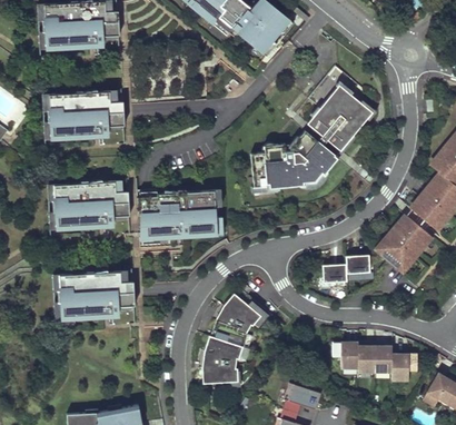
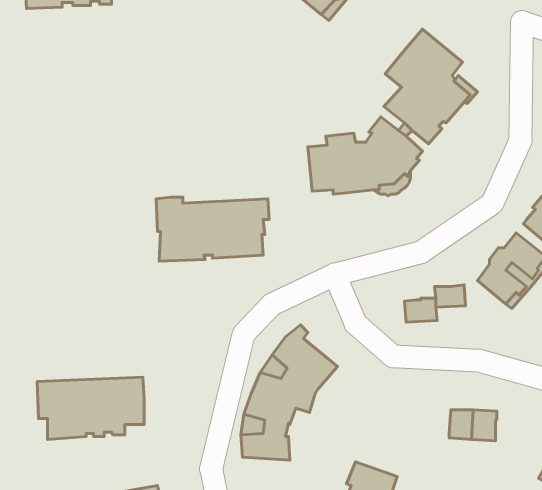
building: [42,90,123,138] -> none
building: [48,180,128,228] -> none
building: [52,270,132,317] -> [37,377,144,439]
building: [331,339,357,366] -> none
building: [389,355,416,379] -> none

